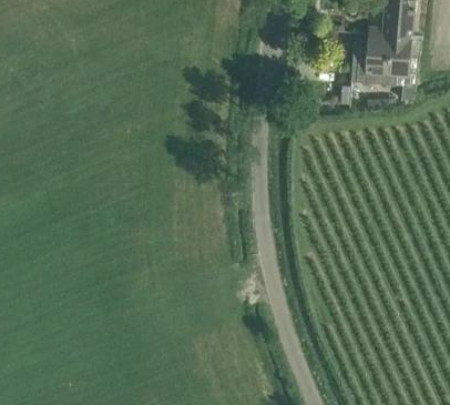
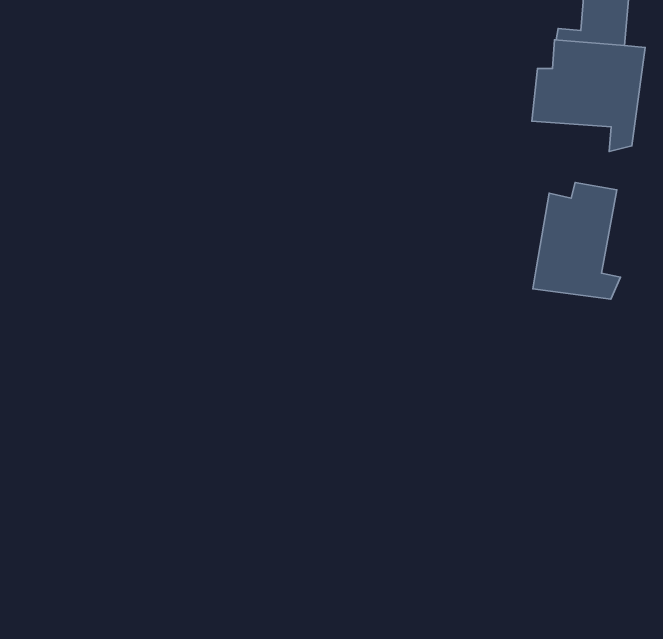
building: none -> [533,183,621,299]

